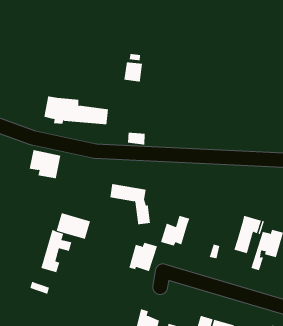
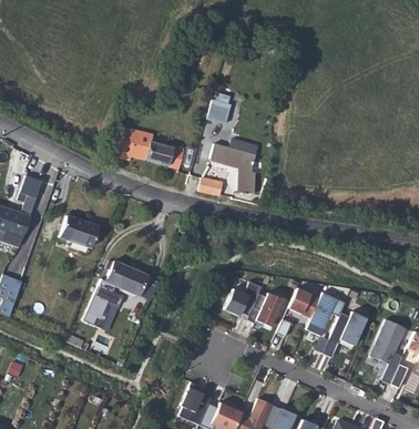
building: [29,150,61,179] -> [60,216,99,253]
building: [109,183,151,225] -> [212,144,255,195]
building: none -> [288,288,320,318]
building: [129,242,158,272] -> [247,293,284,327]

